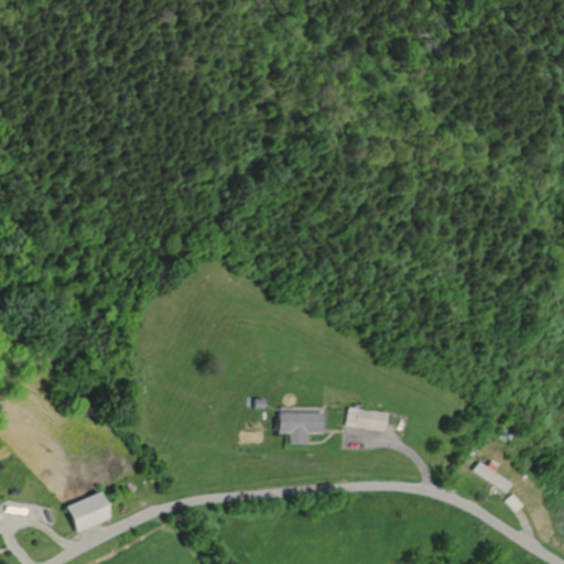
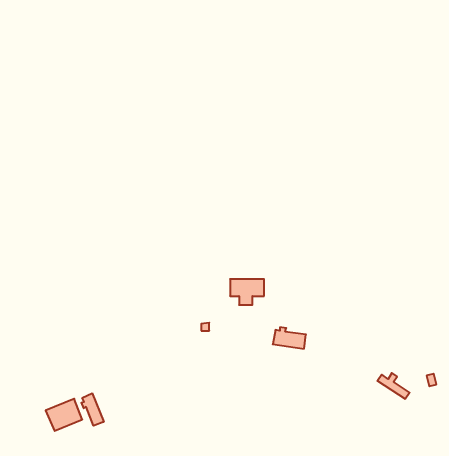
building: [282,411,324,443] -> [230,279,264,305]
building: none -> [81,393,104,426]

